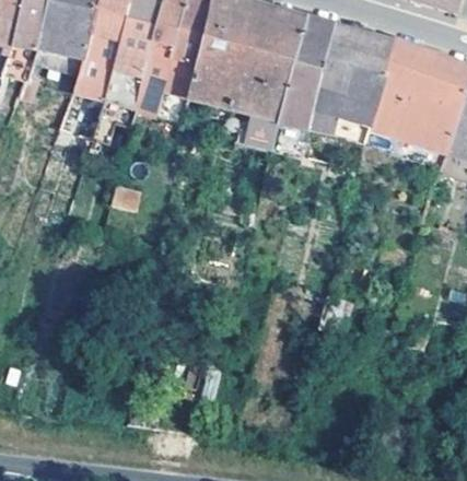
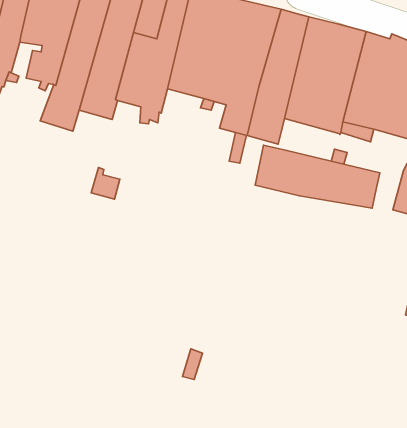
building: none -> [255,145,380,208]

